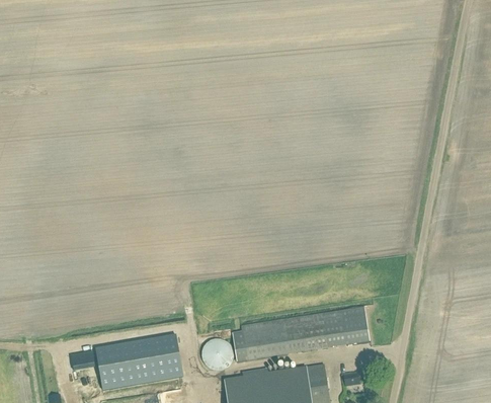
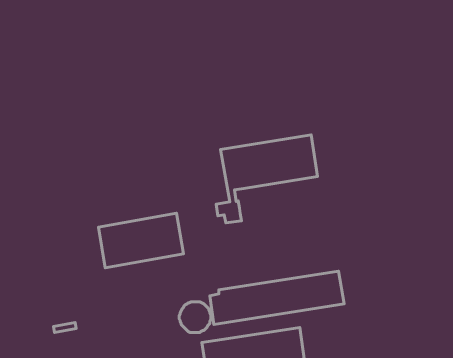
building: none -> [216,135,318,223]
building: [95,333,182,389] -> [98,213,183,268]

